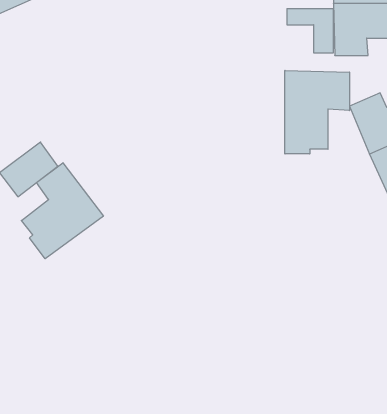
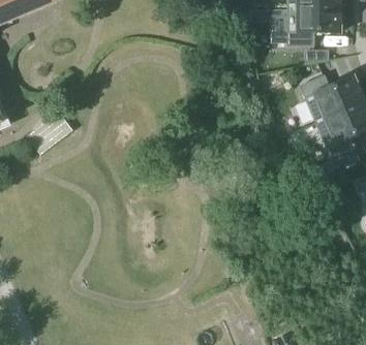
building: [285,70,349,154] -> none
building: [21,163,103,259] -> none

